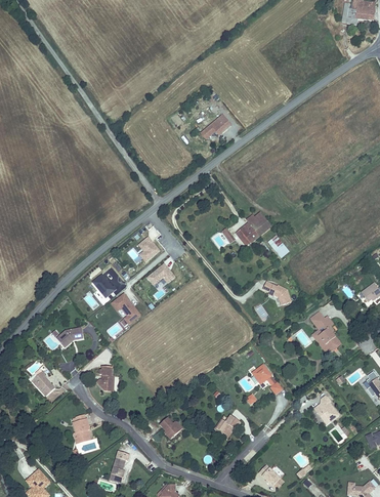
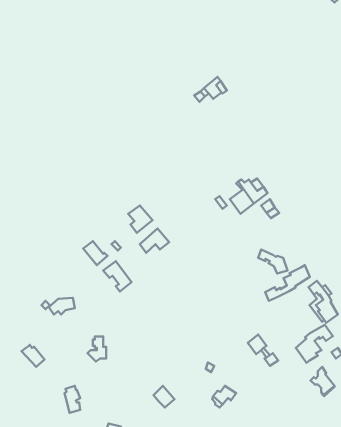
building: none -> [265,265,310,301]
building: none -> [296,325,333,363]

